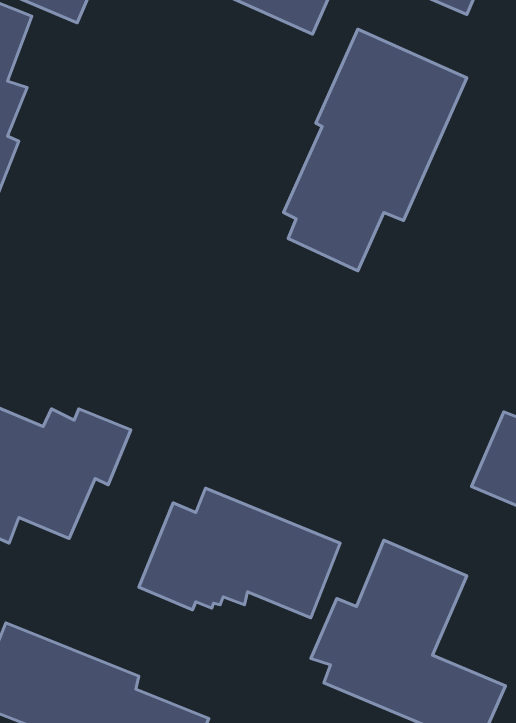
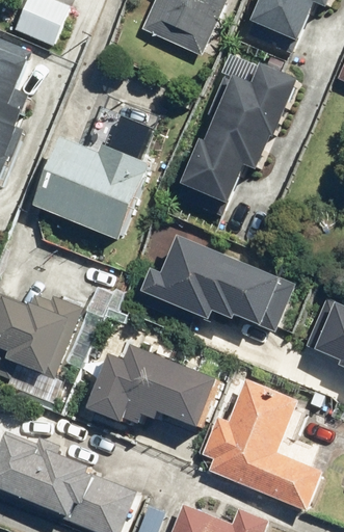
building: none -> [27,113,145,237]
building: none -> [132,225,296,332]

